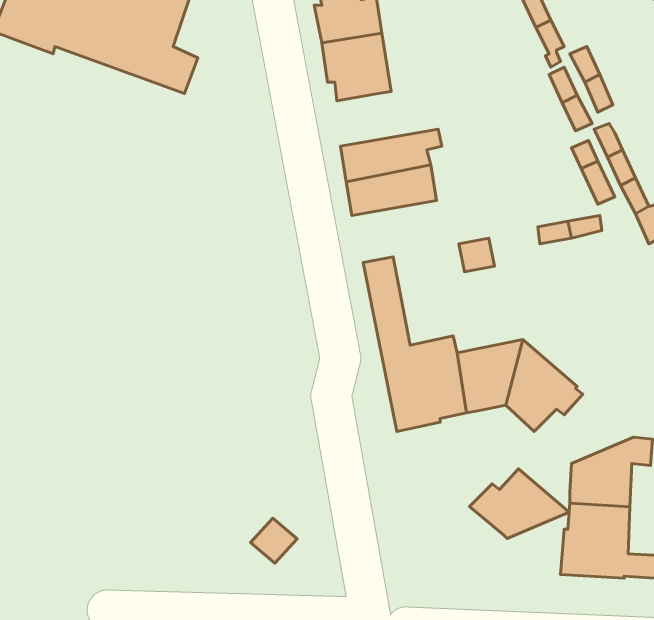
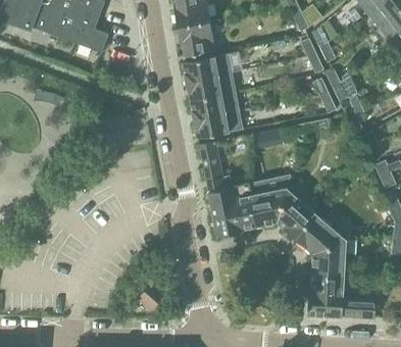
building: none -> [184,53,241,82]
building: none -> [194,111,244,138]
building: [470,469,569,538] -> [293,216,347,254]

